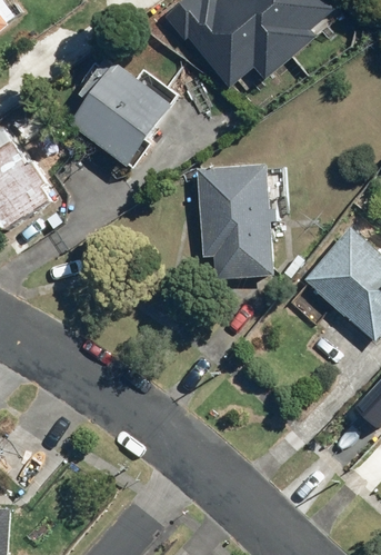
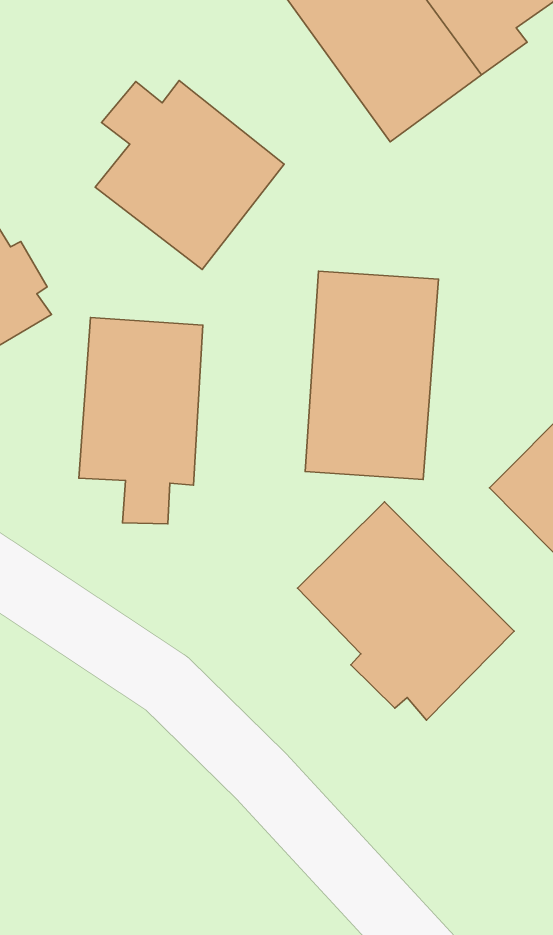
building: none -> [79,318,203,524]
building: none -> [297,502,514,720]

